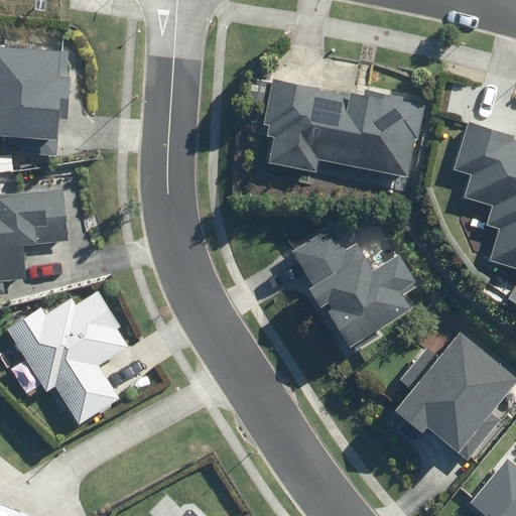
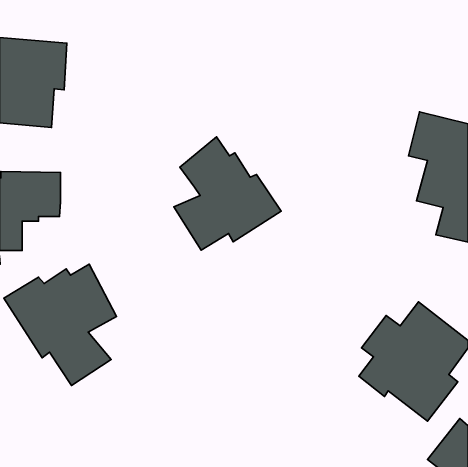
building: [256,76,427,175] -> none
building: none -> [174,137,281,250]
building: [288,226,423,350] -> none

